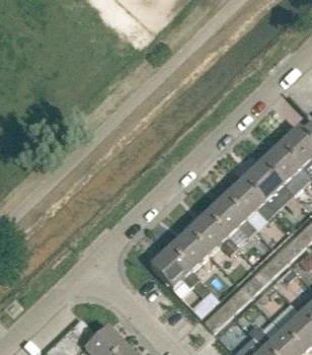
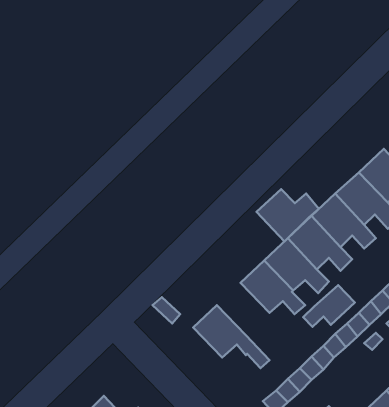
building: none -> [256,189,319,241]
building: [170,228,211,269] -> none
building: none -> [303,285,355,327]

